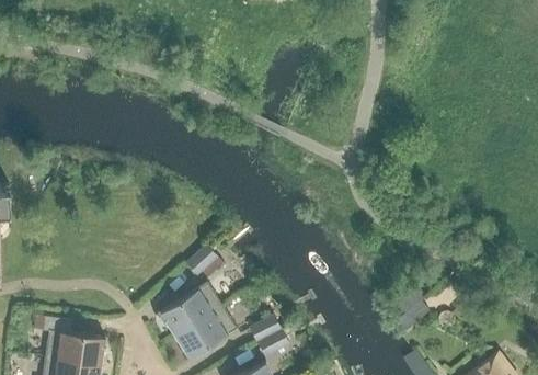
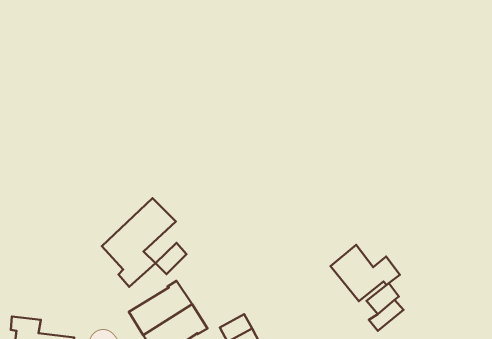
building: none -> [102,198,176,287]
building: none -> [331,245,400,301]

